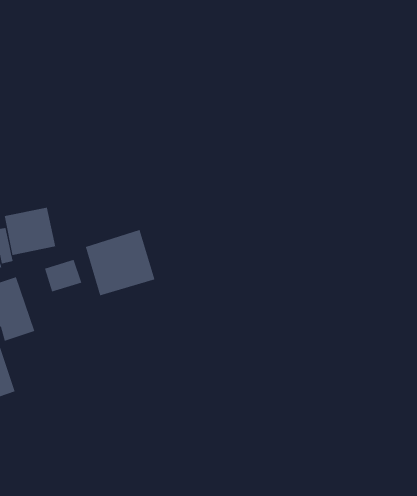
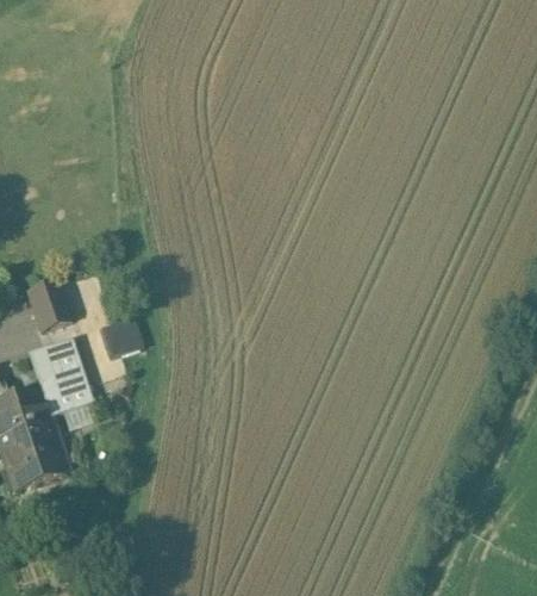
building: [4,207,56,256] -> none
building: [85,229,155,296] -> none

